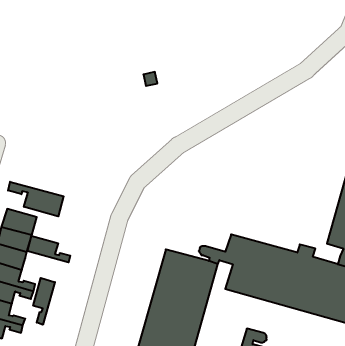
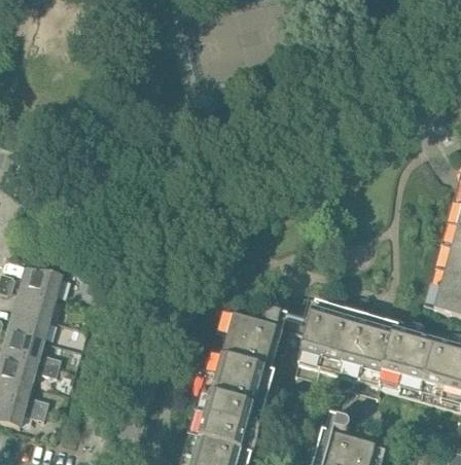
building: [8,182,64,216] -> none
building: [27,236,70,262] -> none
building: [33,278,55,325] -> none

